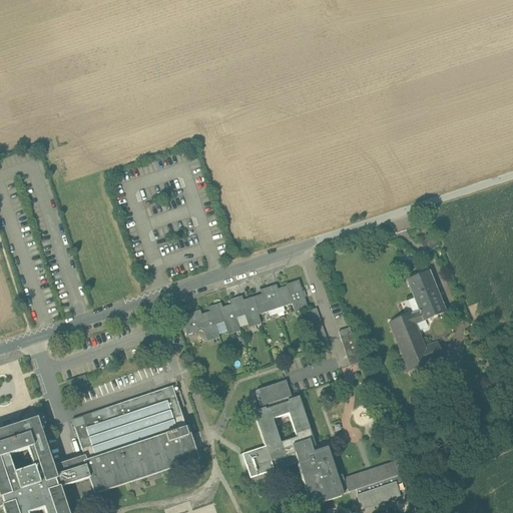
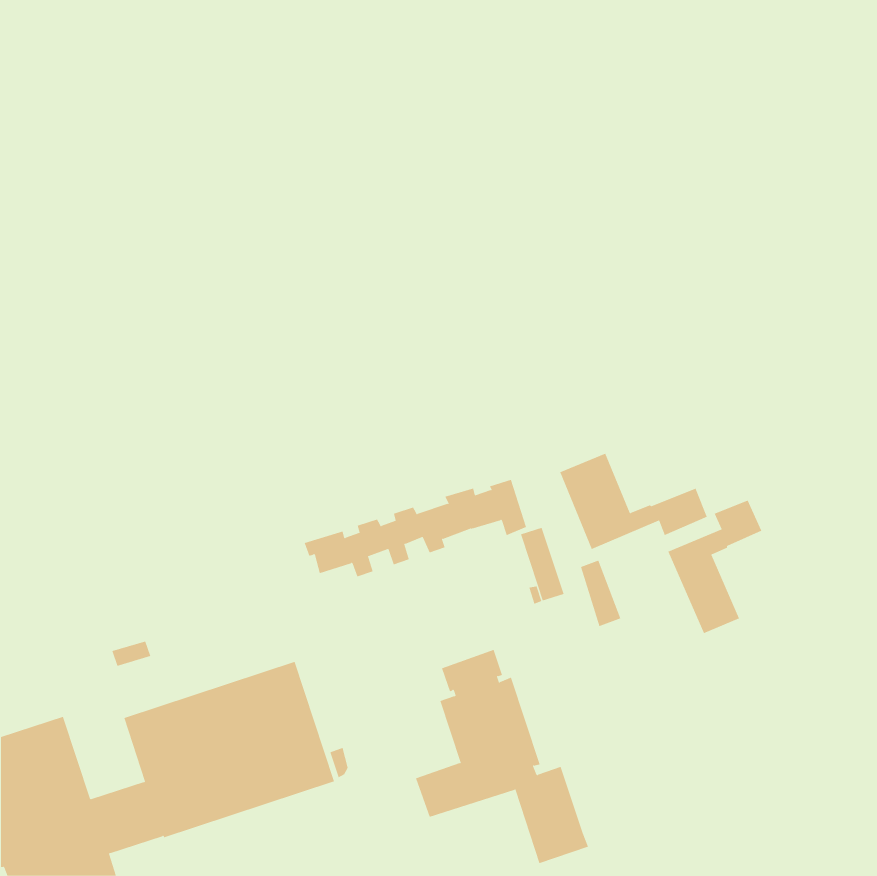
building: none -> [560,453,707,550]
building: [408,270,437,300] -> none
building: [341,461,403,506] -> none

